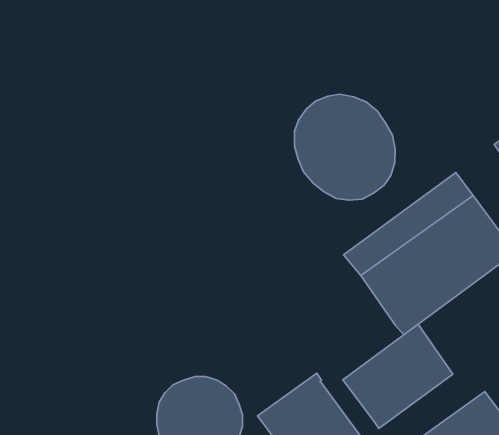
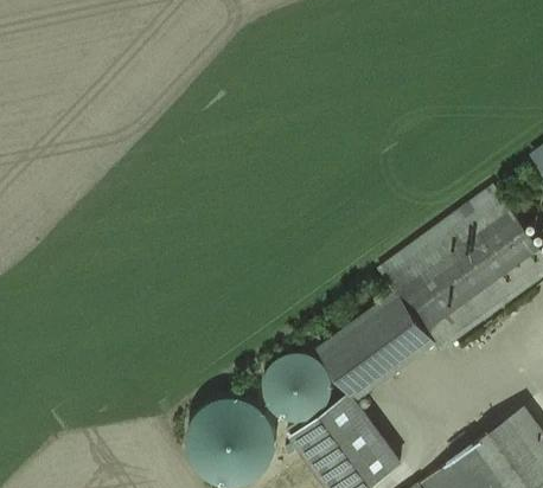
building: [294,94,395,200] -> none
building: [343,324,453,429] -> [318,293,430,399]
building: none -> [270,353,328,411]

